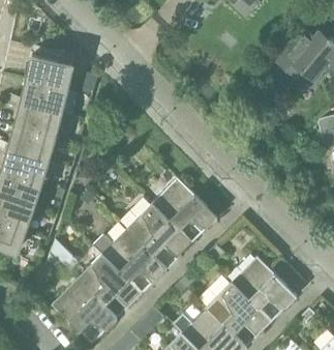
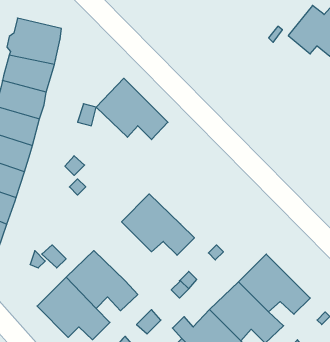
building: [153,177,217,232] -> [96,78,168,140]
building: [94,228,168,283] -> none

